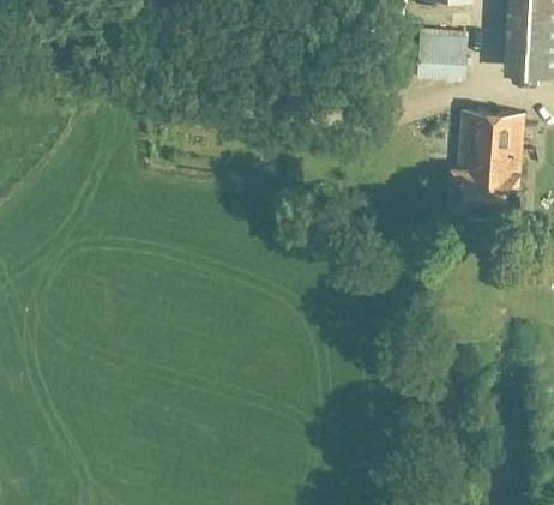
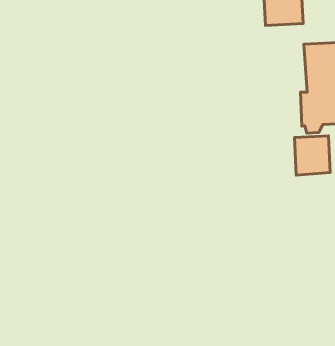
building: none -> [294,136,330,175]

